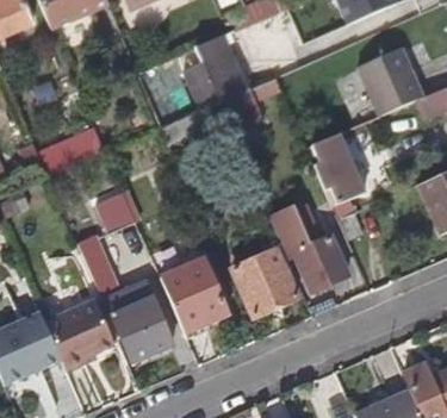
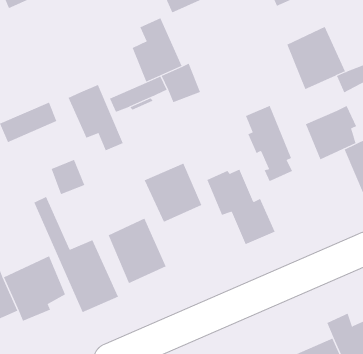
building: none -> [68,84,123,151]
building: none -> [305,105,357,160]
building: [232,249,297,314] -> [144,163,202,222]

